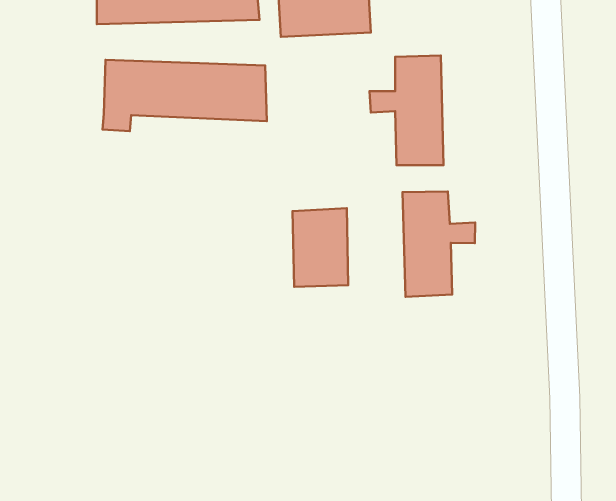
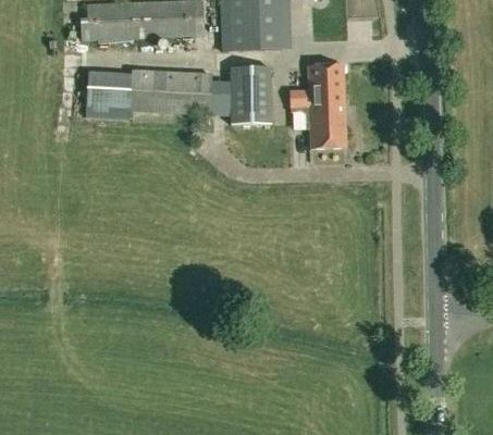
building: [403,191,475,297] -> none
building: [293,208,348,287] -> [229,65,271,125]

